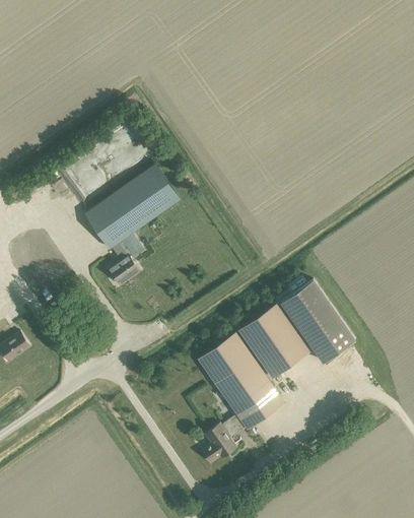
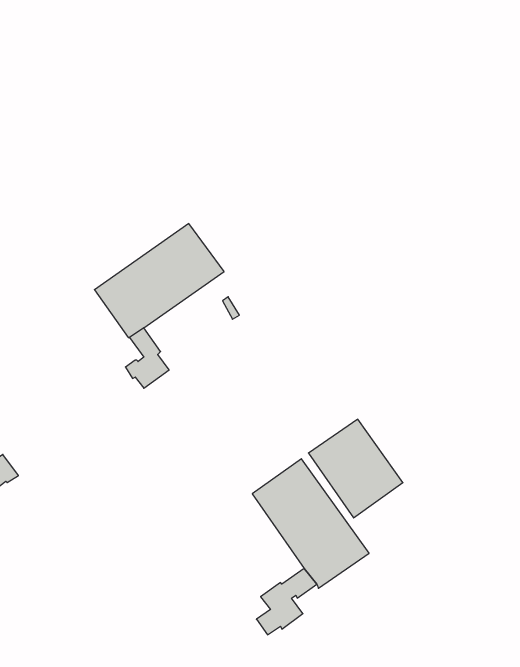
building: [280,279,354,362] -> none

